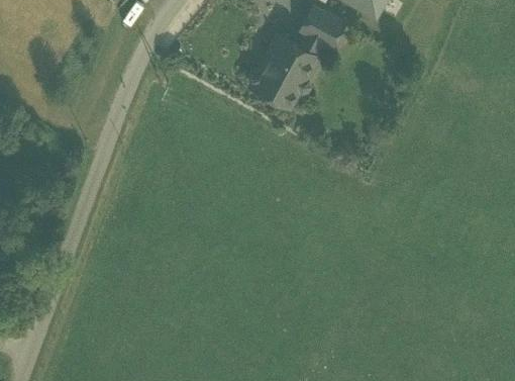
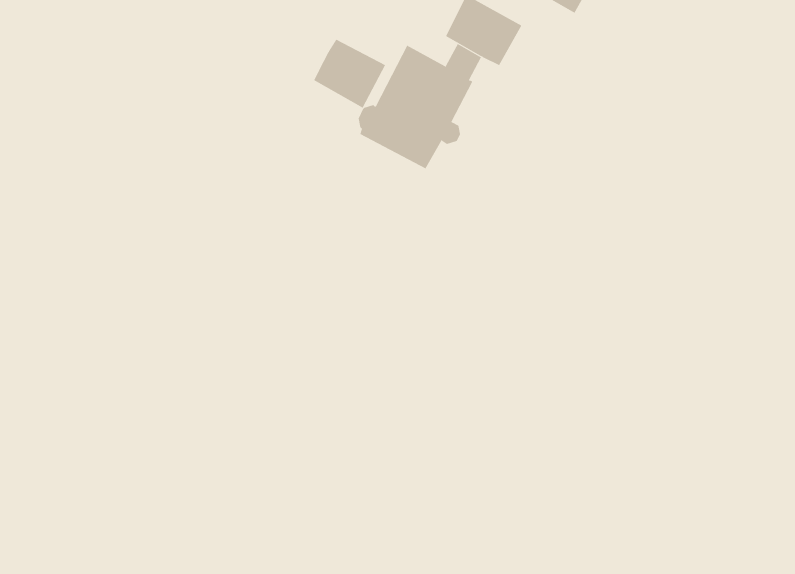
building: none -> [313,39,386,108]

